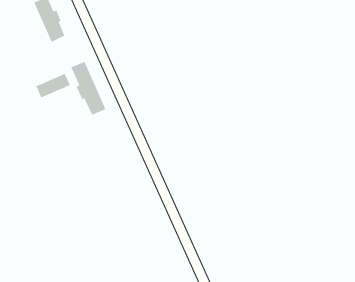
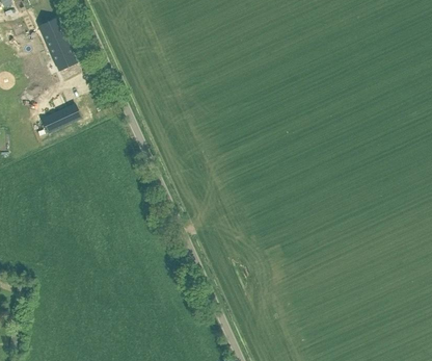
building: [71,61,106,116] -> none

